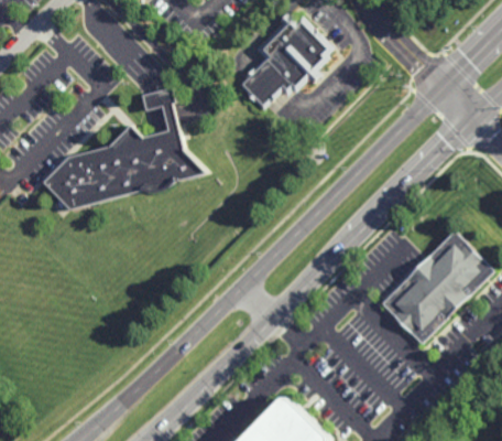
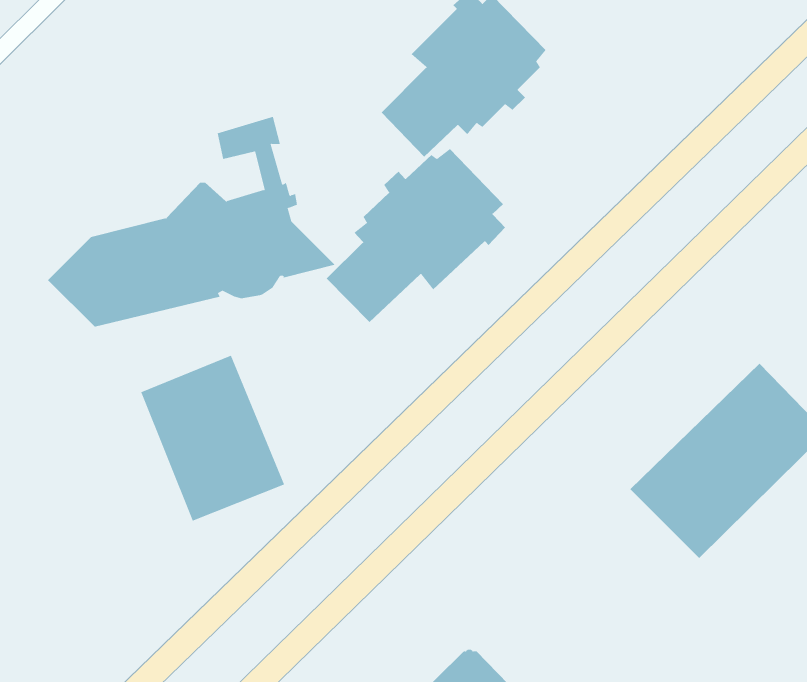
building: none -> [326,148,506,323]
building: none -> [140,355,285,522]

